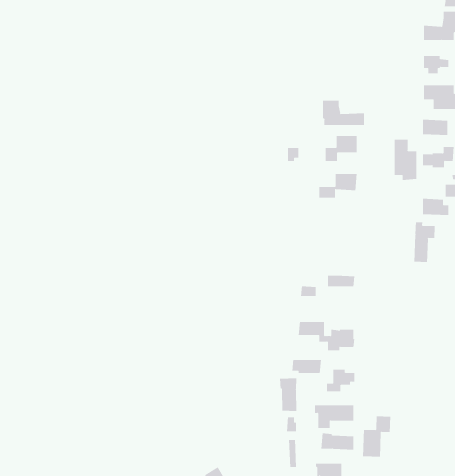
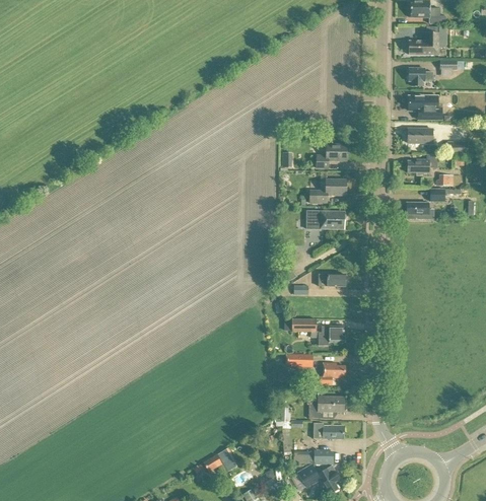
building: [322,100,365,126] -> none
building: [394,139,417,181] -> none
building: none -> [305,210,346,228]
building: [414,221,435,263] -> none
building: [279,378,297,412] -> none
building: [363,416,391,457] -> none

